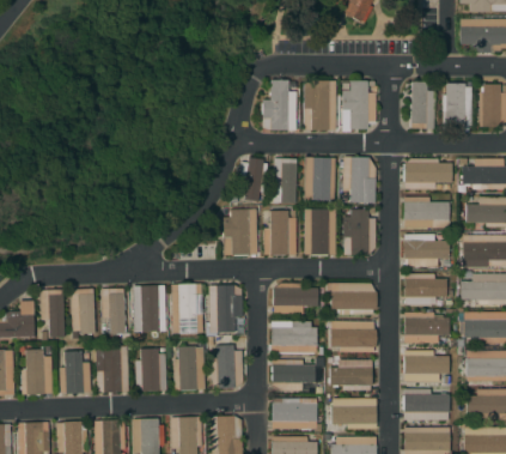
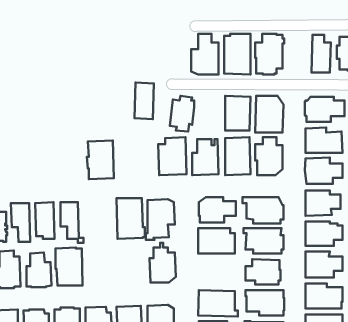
building: [273,158,297,204] -> [134,82,154,119]
building: [132,285,165,333] -> [87,140,114,179]
building: [173,341,207,391] -> none
building: [135,349,167,392] -> none
building: [272,359,316,391] -> none

